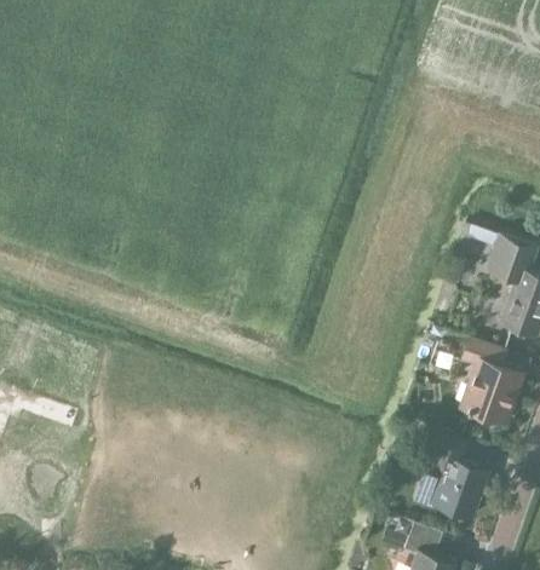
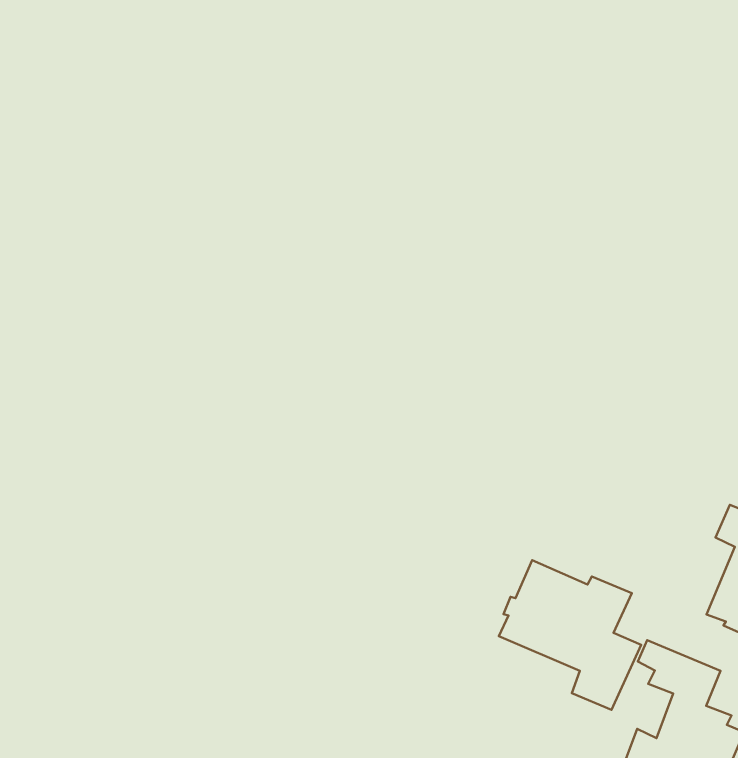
building: none -> [499,560,641,710]

